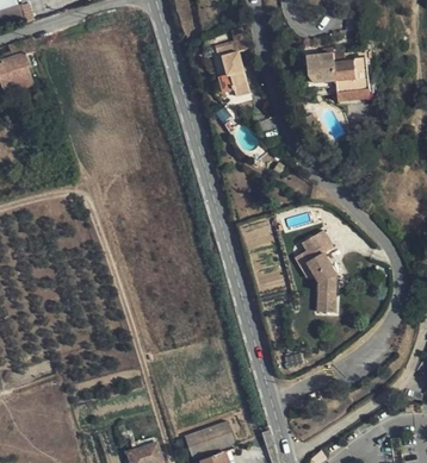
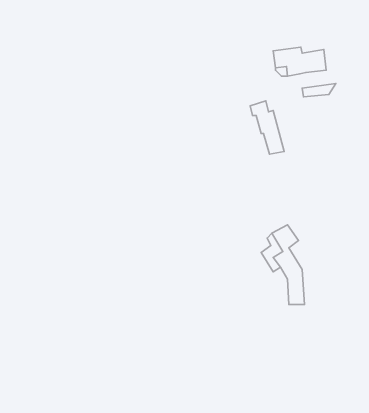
building: [215,40,248,93] -> [250,101,284,154]
building: [332,56,367,96] -> none

